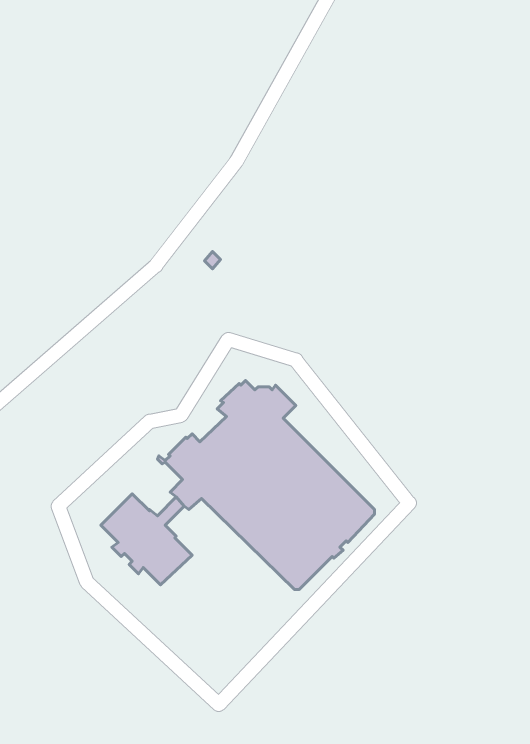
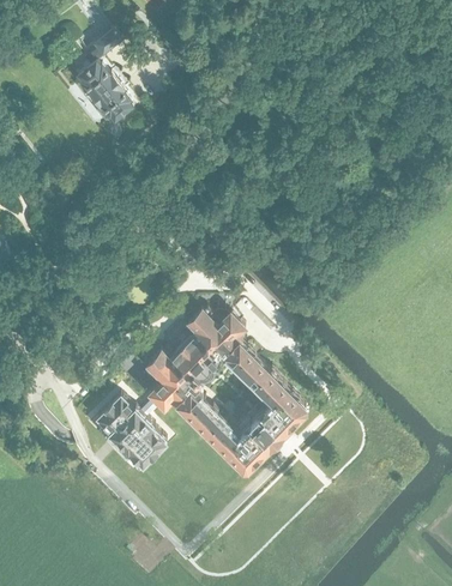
building: none -> [76,30,132,123]

